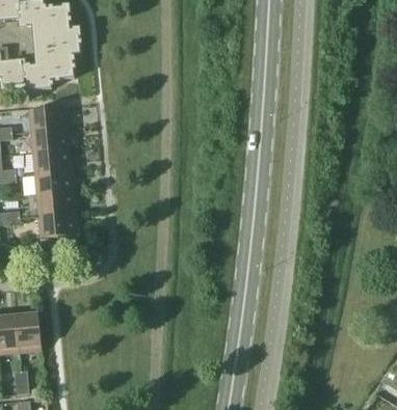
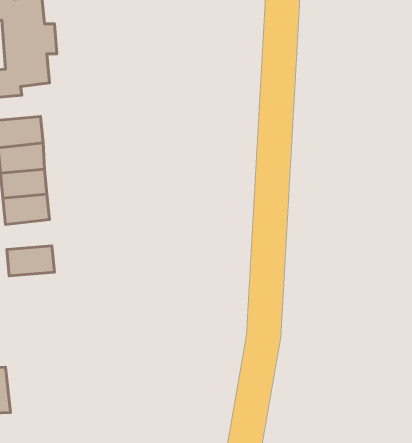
building: [36,191,75,216] -> none

